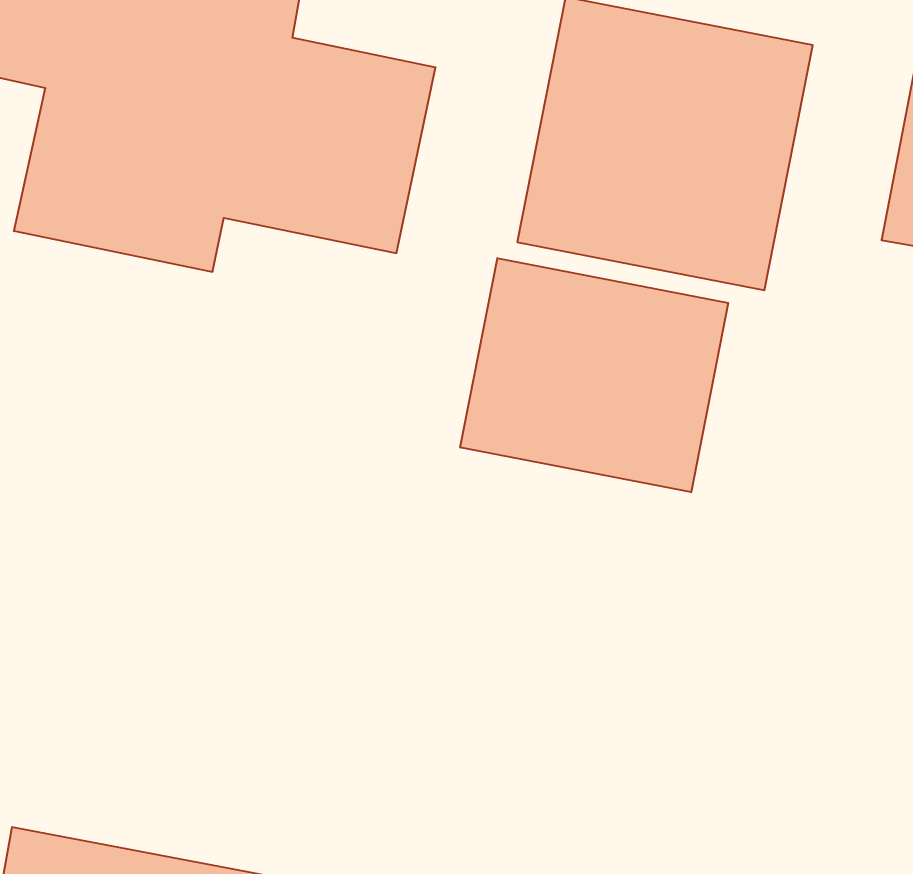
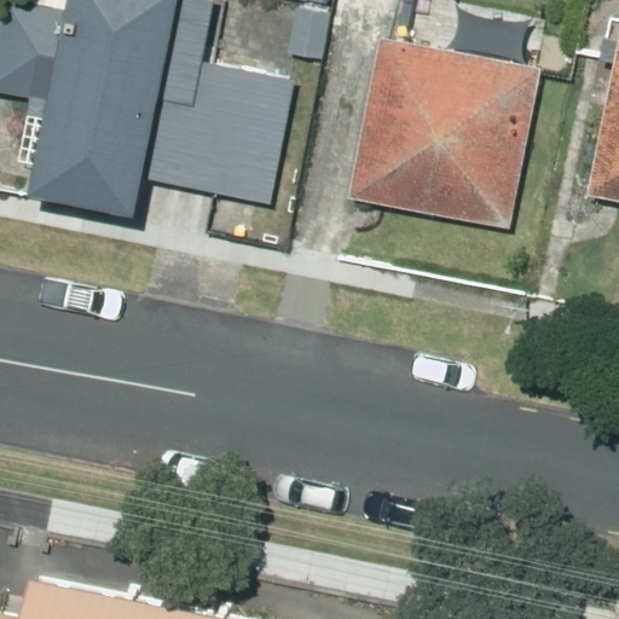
building: [460,258,728,492] -> none

